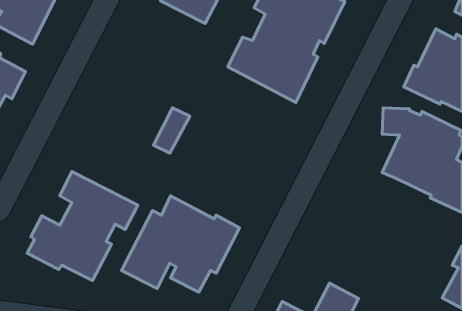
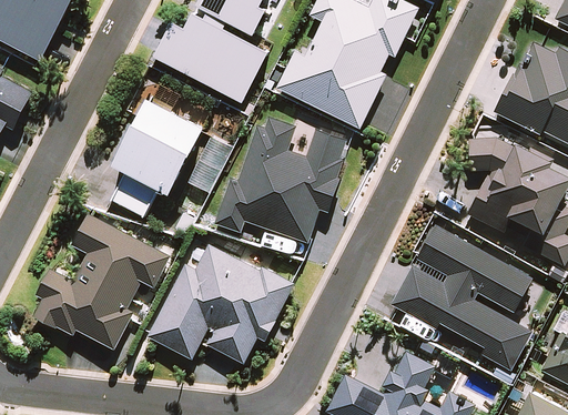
building: none -> [154,13,267,102]
building: none -> [112,99,203,216]
building: none -> [215,119,345,243]
building: none -> [390,226,530,367]

